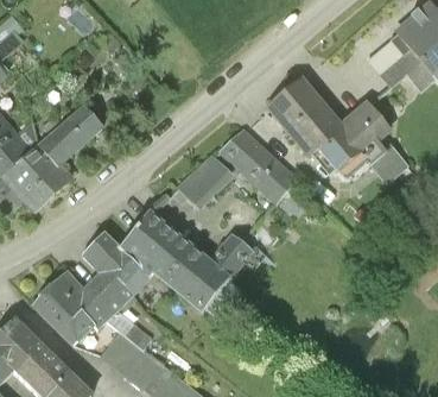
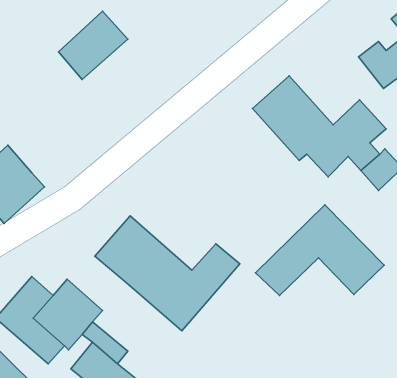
building: [38,103,103,168] -> [58,11,128,79]
building: [178,124,299,209] -> [255,205,384,296]
building: [84,233,150,297] -> none

